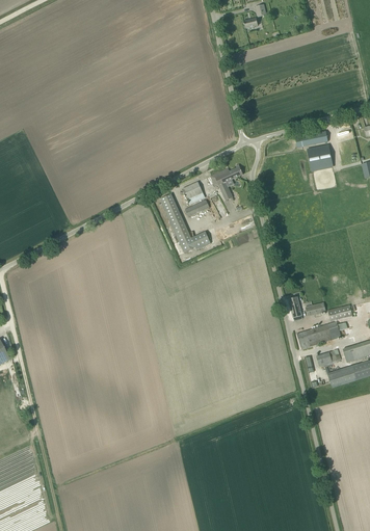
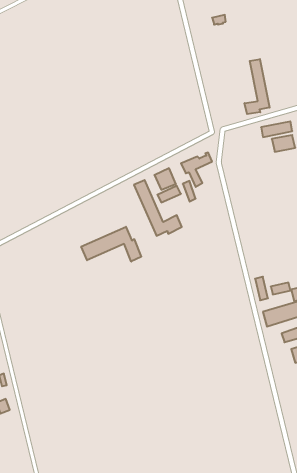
building: none -> [245,59,270,114]
building: none -> [81,227,141,262]

